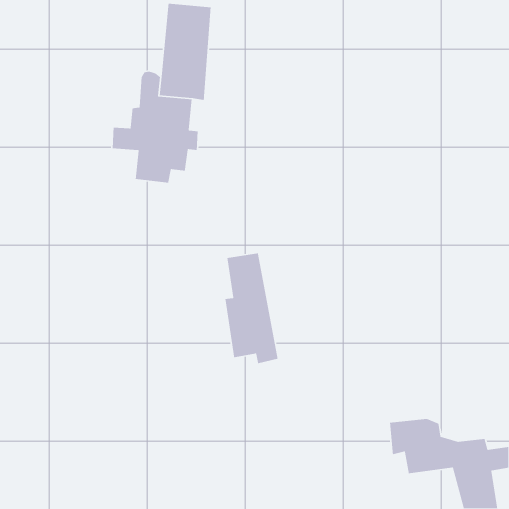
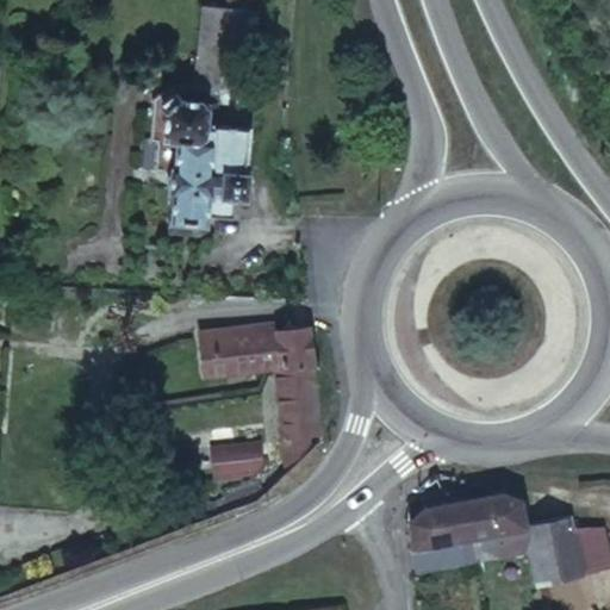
building: none -> [192,307,278,367]
building: none -> [206,438,262,481]
building: none -> [413,504,487,574]

